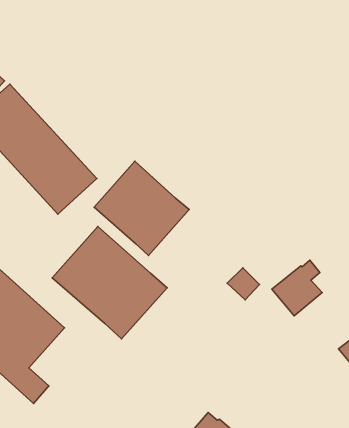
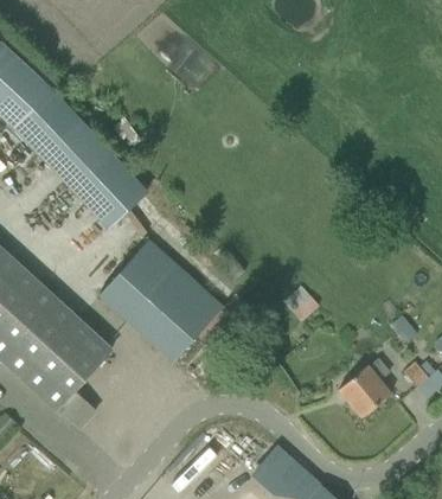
building: [94,161,189,255] -> none
building: [272,260,322,316] -> [338,359,391,418]

